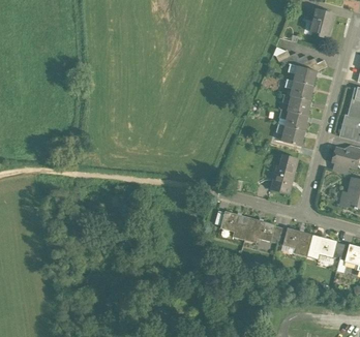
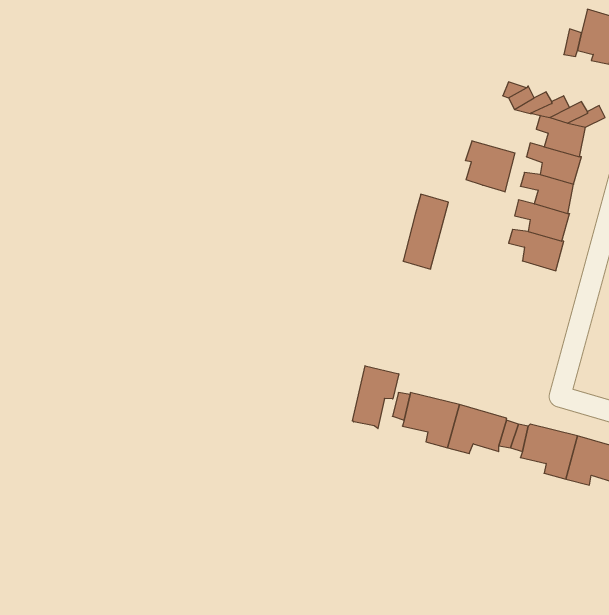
building: none -> [466,141,515,192]
building: [273,154,297,193] -> [403,194,448,269]
building: none -> [352,366,399,429]

